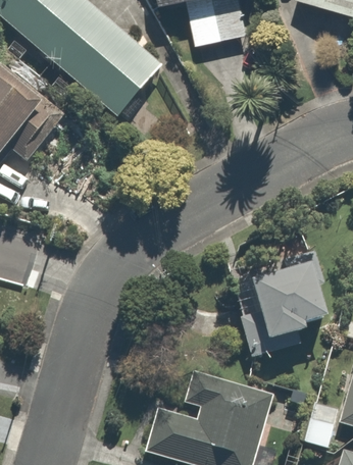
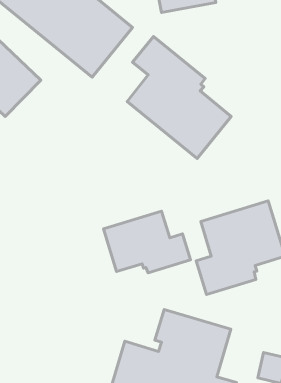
building: none -> [127,36,231,158]
building: none -> [103,211,191,273]

